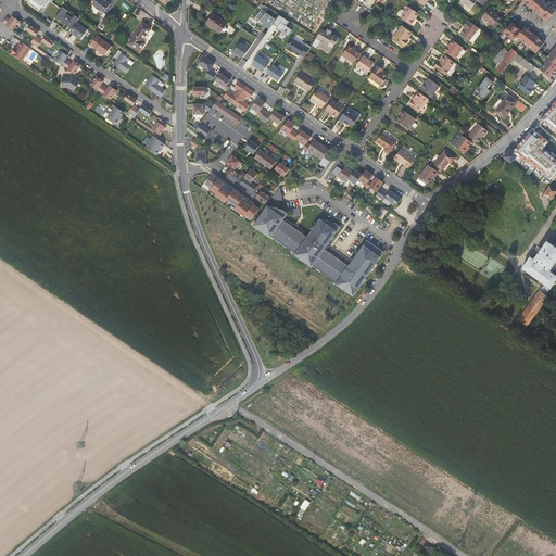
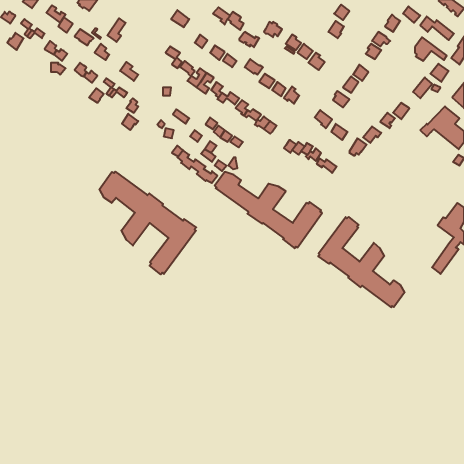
building: none -> [99,172,196,274]
building: none -> [318,217,405,307]

